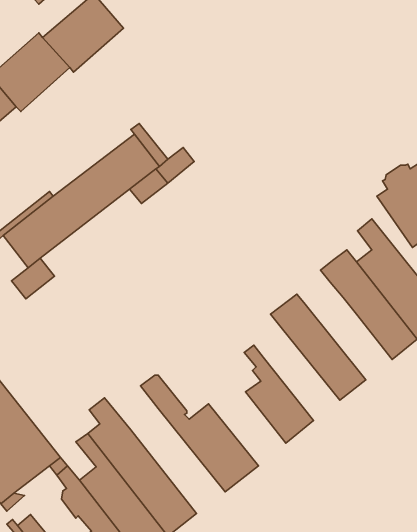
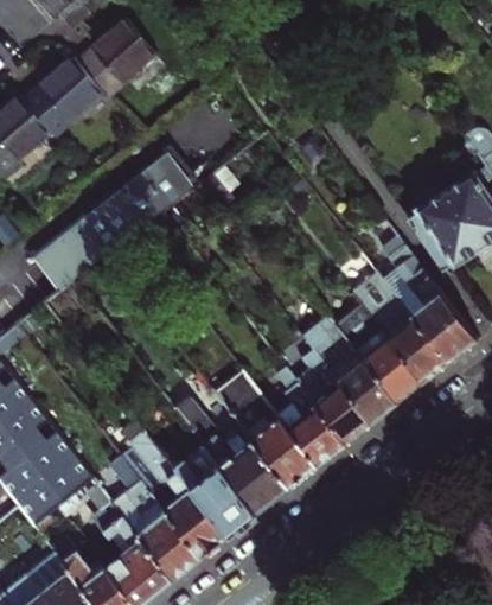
building: none -> [336,306,423,403]
building: none -> [295,351,371,444]
building: none -> [215,371,318,489]
building: none -> [164,432,257,536]

